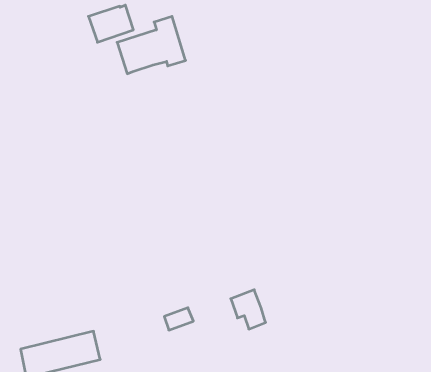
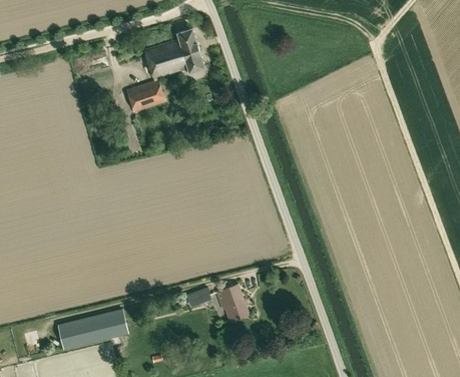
building: [88,5,133,42] -> [125,80,165,113]
building: [231,290,266,329] -> [216,285,248,320]

